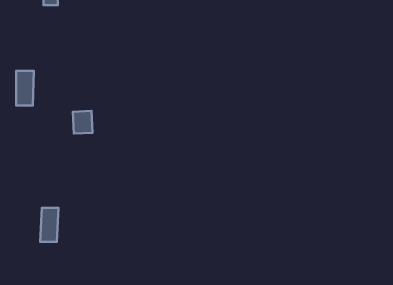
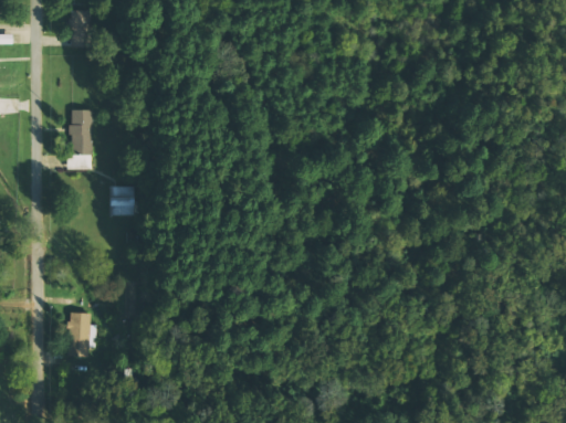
building: [16,71,34,105] -> [70,108,93,154]

